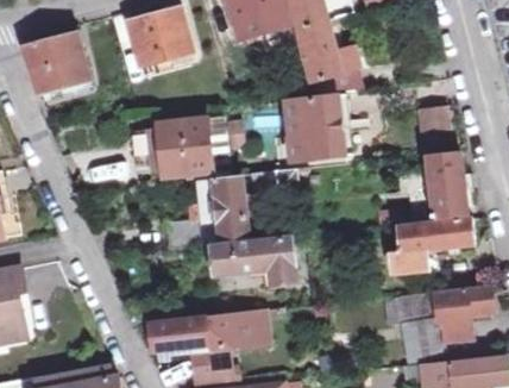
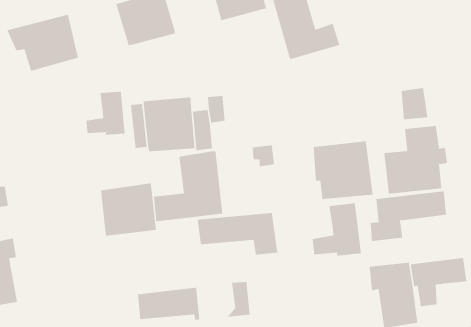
building: [281,98,344,158] -> [313,141,373,200]
building: none -> [86,91,125,136]
building: none -> [101,183,157,236]
building: none -> [312,203,361,256]
building: [212,312,251,350] -> none

